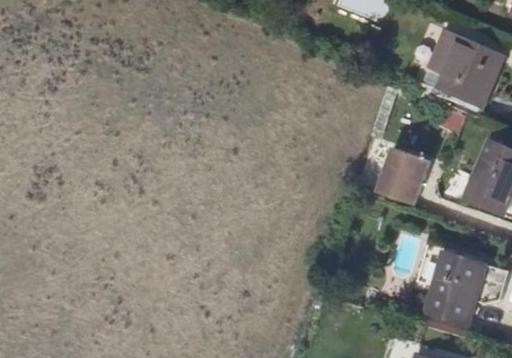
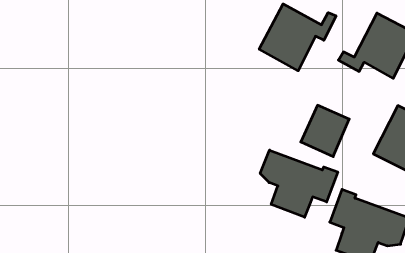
building: none -> [259,4,336,71]
building: none -> [260,150,338,217]

